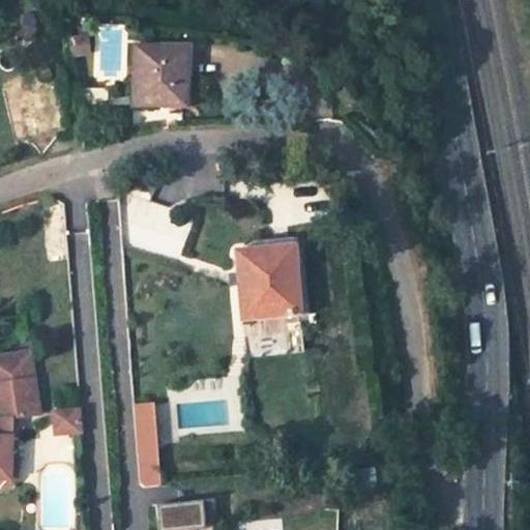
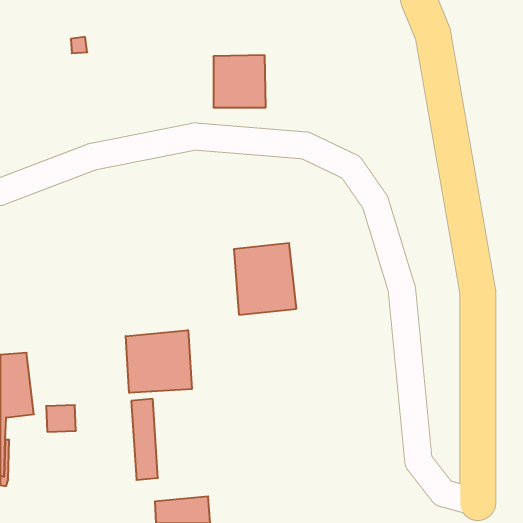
building: [137,42,189,95] -> [213,55,266,107]
building: none -> [126,330,192,393]

